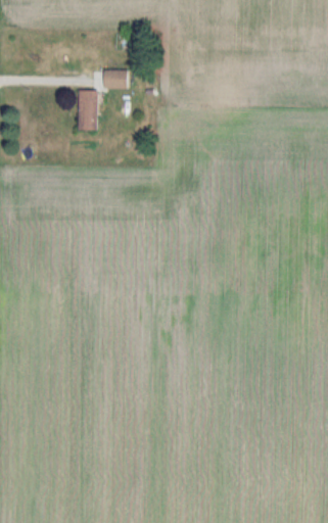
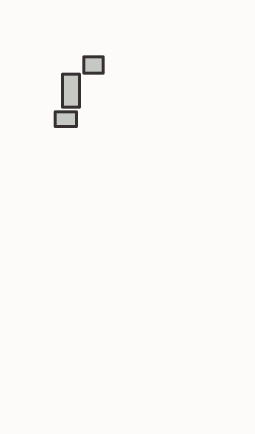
building: none -> [55,112,76,126]

